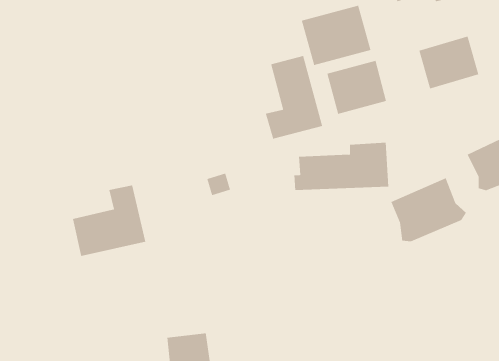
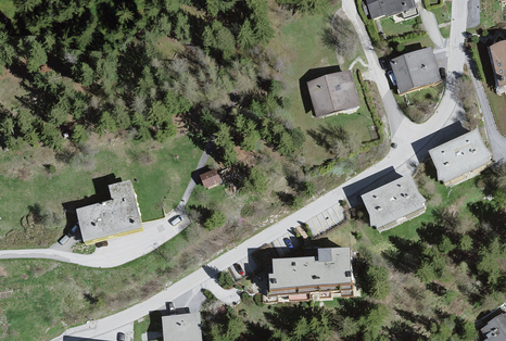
building: [301,5,371,66] -> none
building: [265,55,323,140] -> none
building: [293,142,389,191] -> [269,247,355,290]

